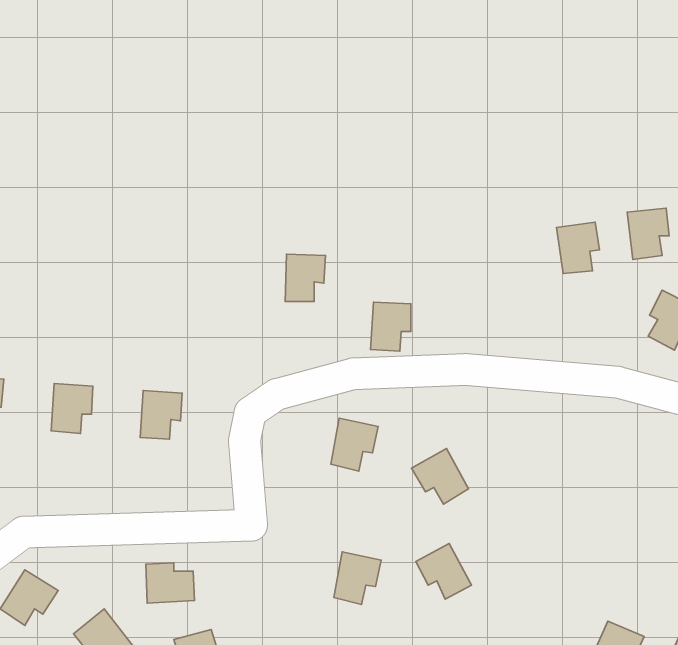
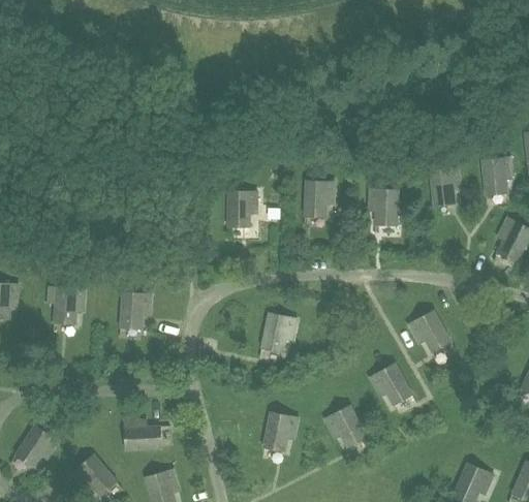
building: none -> [368,189,398,225]
building: [371,302,411,351] -> [304,181,334,217]
building: none -> [408,311,450,352]
building: [412,449,469,504] -> [369,364,411,405]

